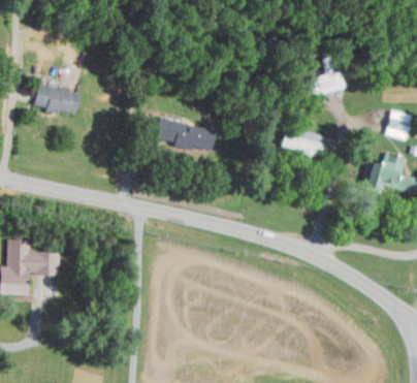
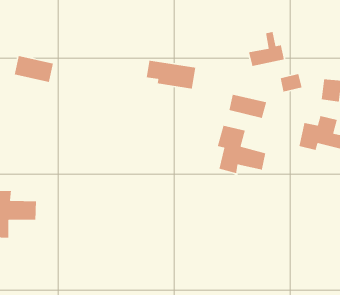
building: none -> [280,73,303,92]
building: [156,119,214,153] -> [146,60,196,89]
building: none -> [217,125,266,174]

